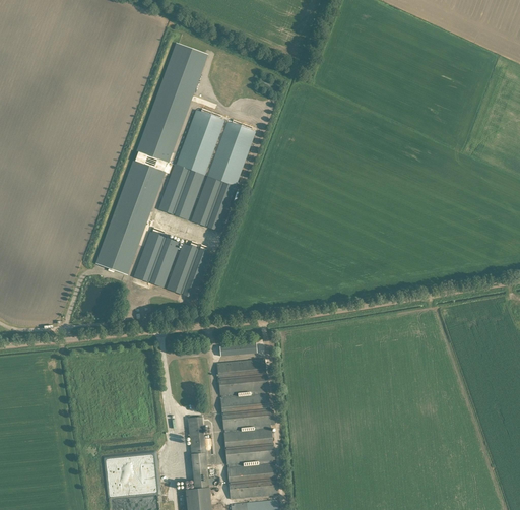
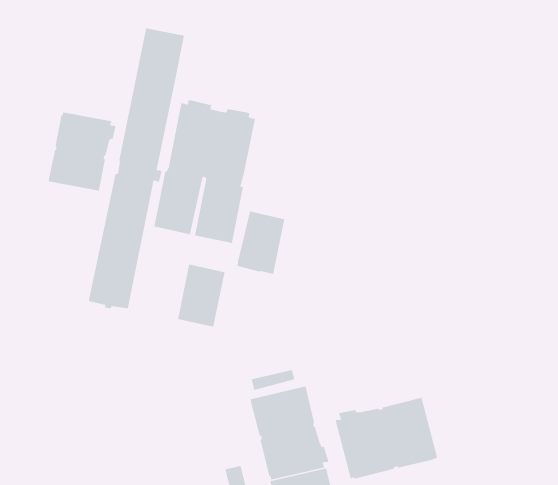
building: none -> [48,111,117,192]
building: [133,232,179,288] -> [237,211,285,275]
building: none -> [335,397,438,480]

